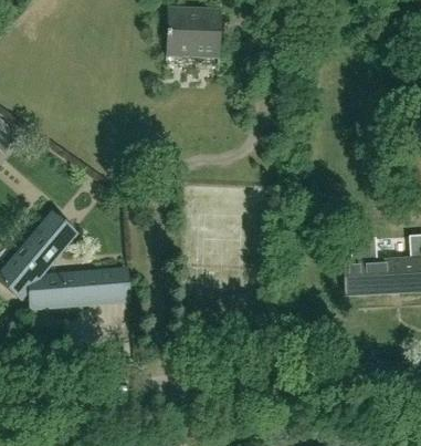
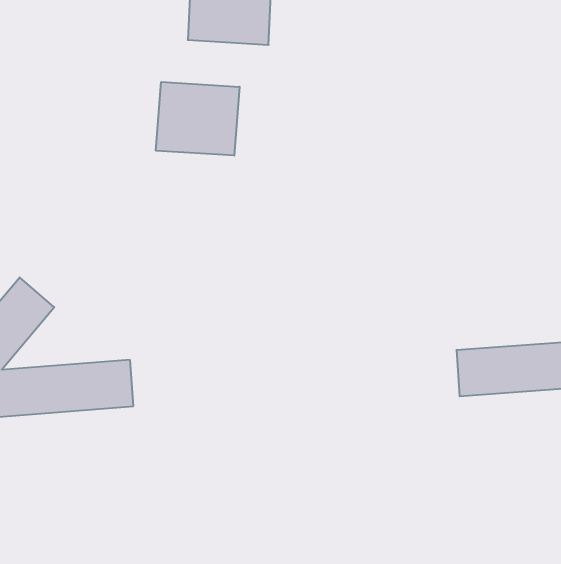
building: none -> [156,82,240,156]

